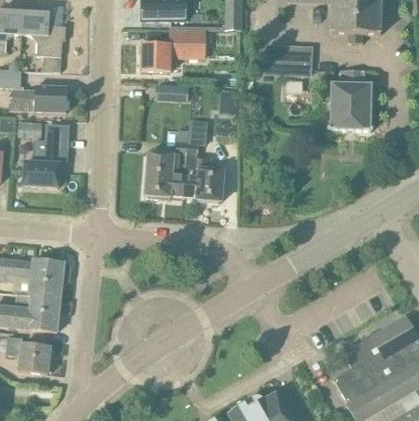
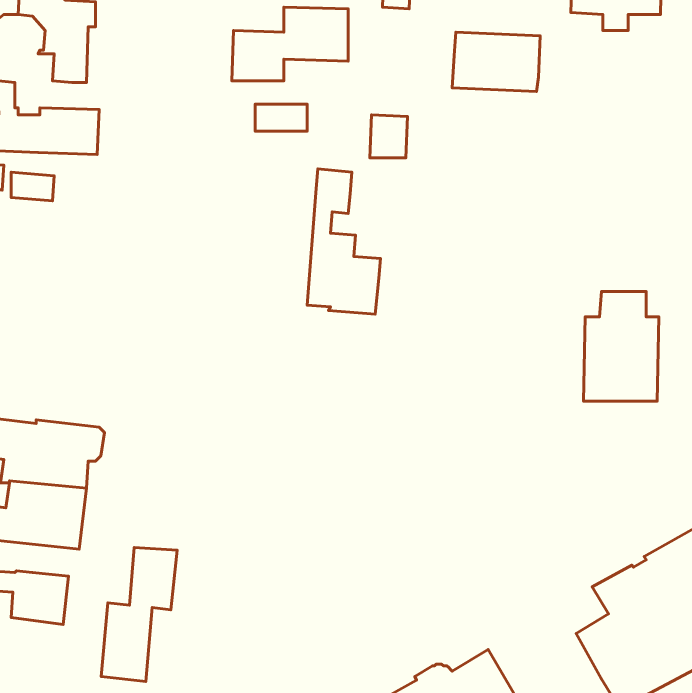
building: [329,69,371,130] -> [583,292,659,401]
building: [23,123,68,186] -> none
building: [144,129,188,196] -> none
building: none -> [101,548,177,682]

